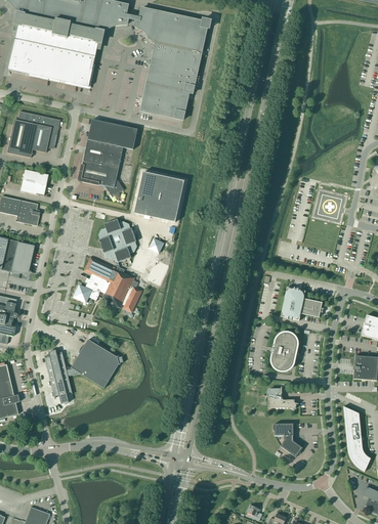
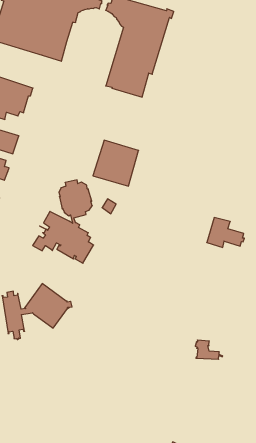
building: [79,119,137,199] -> none
building: [281,288,323,320] -> [207,218,244,247]
building: [271,333,297,372] -> none
building: [272,424,303,456] -> none

